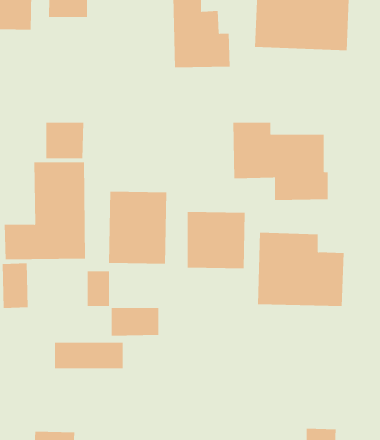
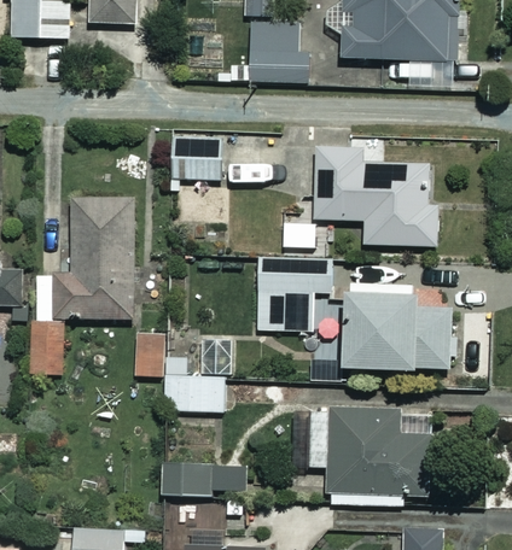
building: [46,122,84,159] -> [173,134,220,179]
building: [109,191,167,265] -> none
building: none -> [289,410,434,504]
building: [54,342,123,369] -> [162,463,246,496]

